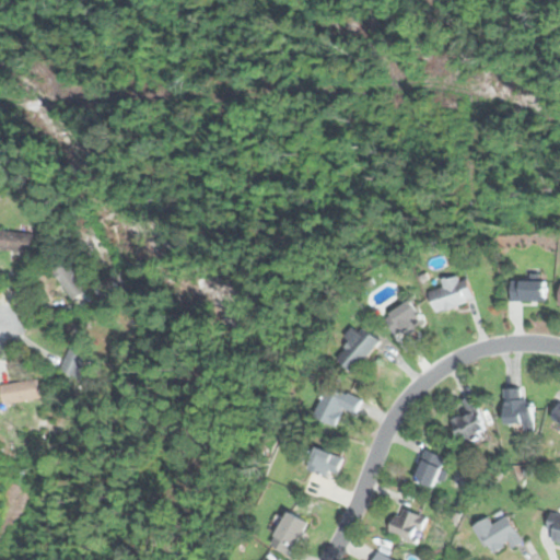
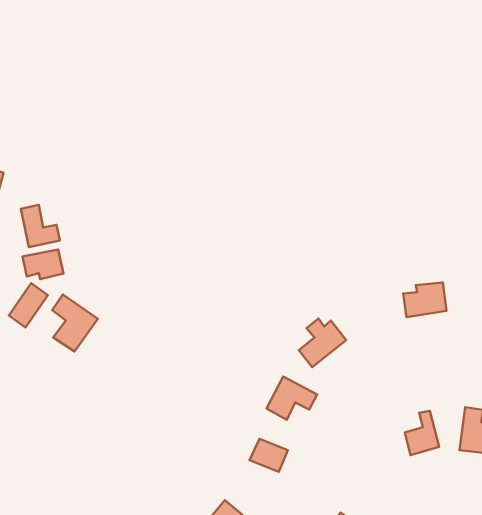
building: none -> [23,250,63,279]
building: [385,303,422,338] -> none
building: none -> [52,294,98,352]
building: [411,448,447,489] -> none

